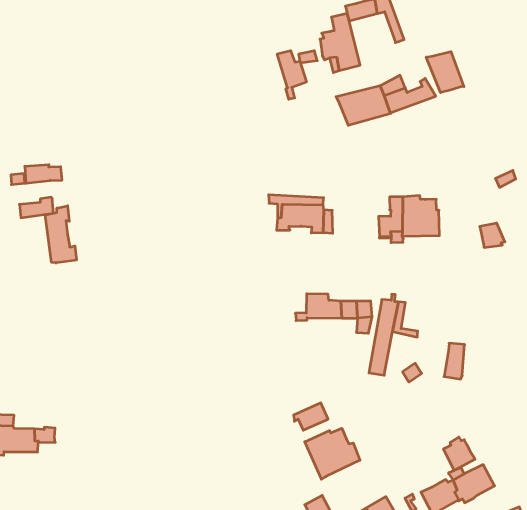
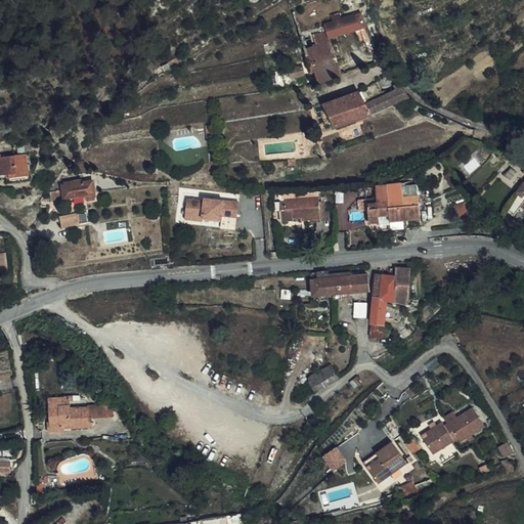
building: [277,51,306,99] -> none
building: [426,52,464,93] -> none
building: none -> [185,200,238,220]
building: [45,206,76,263] -> none
building: [444,343,465,379] -> [393,269,408,299]
building: [305,428,360,479] -> none
building: [444,437,475,471] -> none

